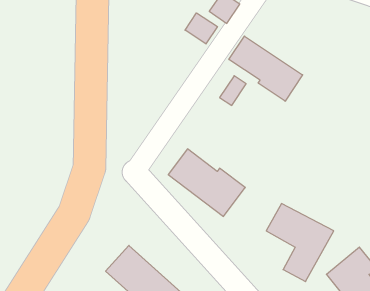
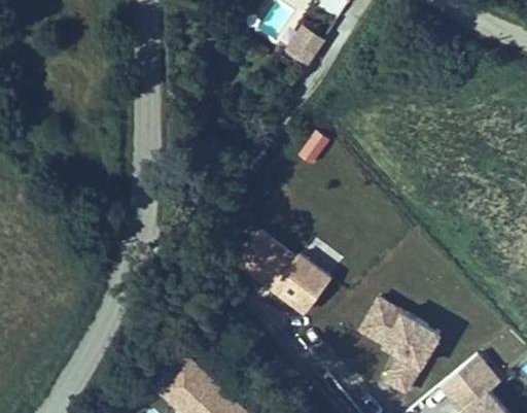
building: [185,13,217,44] -> none
building: [229,36,303,101] -> none

